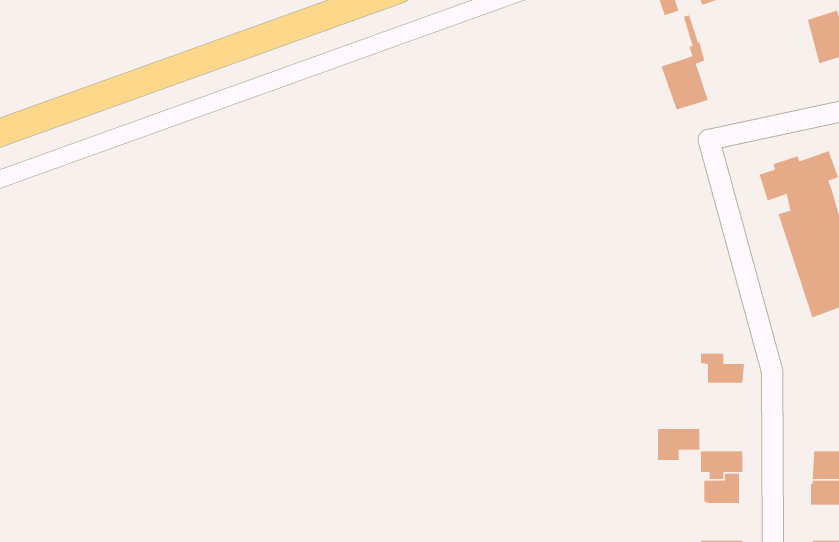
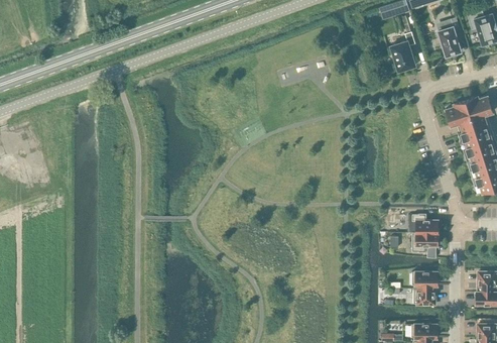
building: none -> [439,17,461,56]
building: [657,428,700,461] -> [412,233,438,252]

